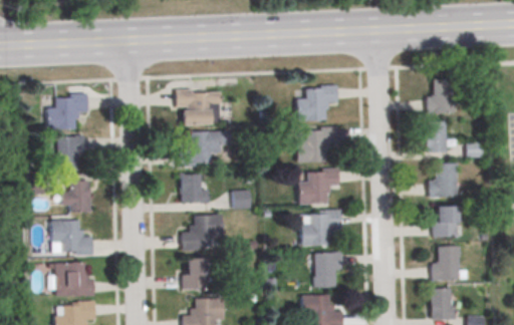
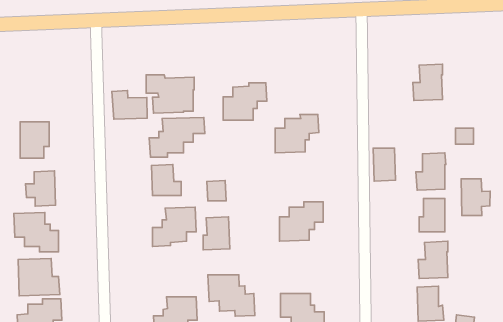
building: [297,85,338,120] -> [223,83,267,120]
building: [47,92,89,129] -> none
building: none -> [112,91,147,119]
building: [426,121,447,152] -> [373,148,396,181]
building: [298,169,339,204] -> none
building: none -> [461,179,490,216]
building: [314,253,342,287] -> none
building: [183,259,208,290] -> [203,217,230,250]
building: none -> [208,275,255,316]

